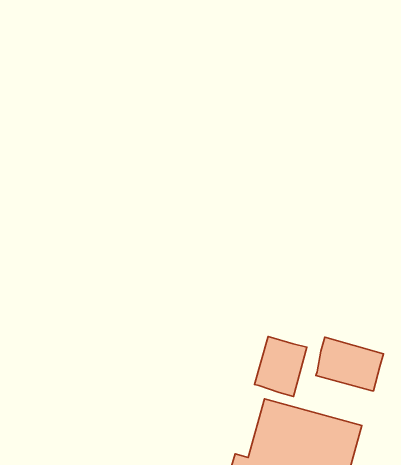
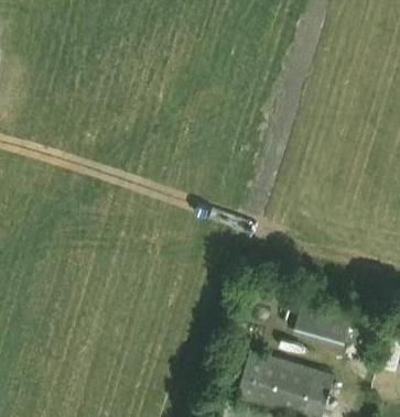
building: [255,337,307,397] -> none

